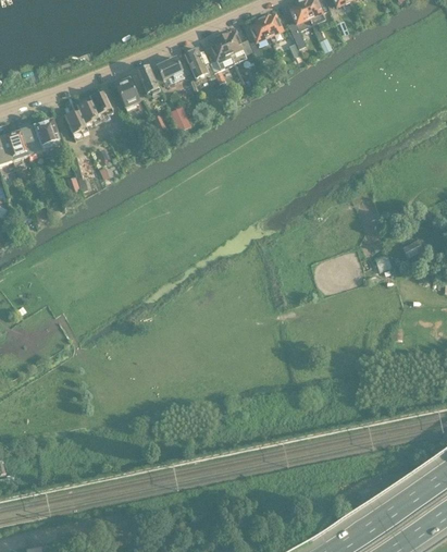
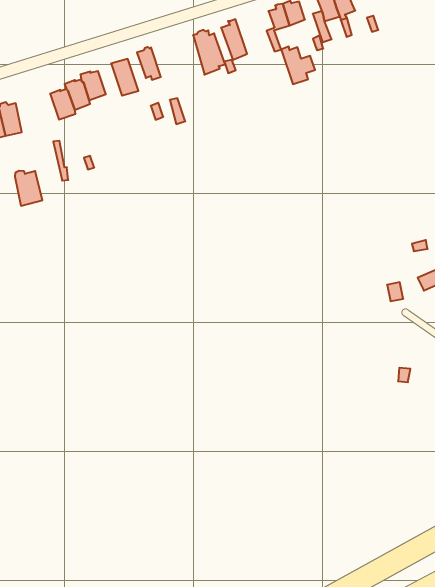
building: [221,30,252,63] -> [281,46,315,84]
building: [158,56,190,81] -> none
building: [35,119,61,150] -> [15,171,42,206]

